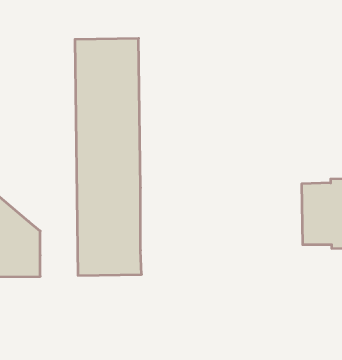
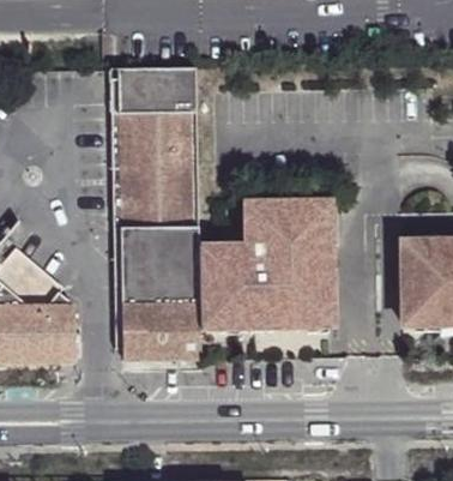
building: none -> [201,205,333,329]

